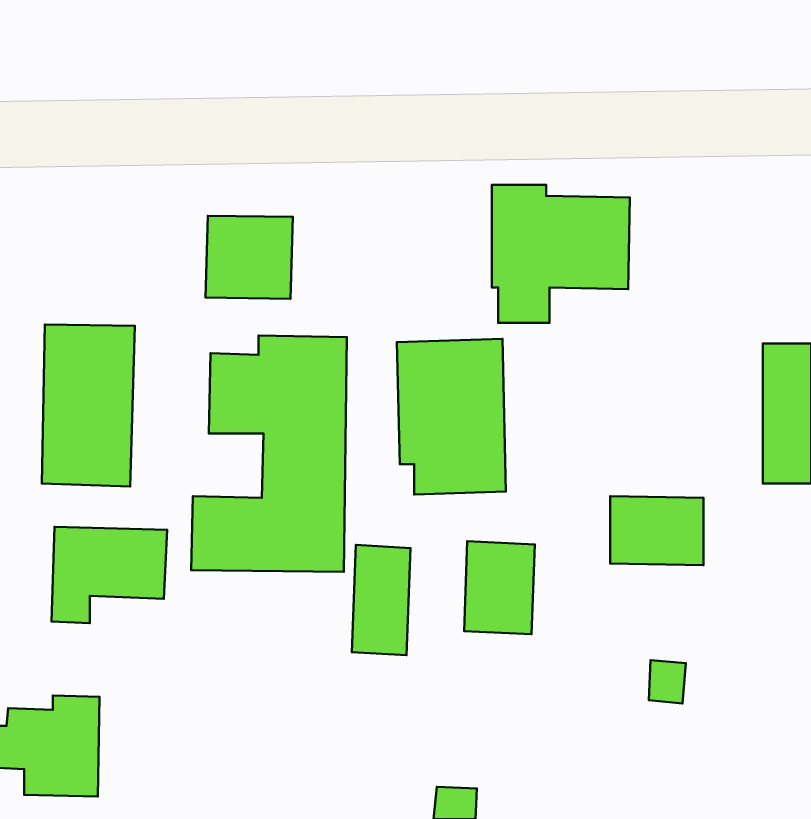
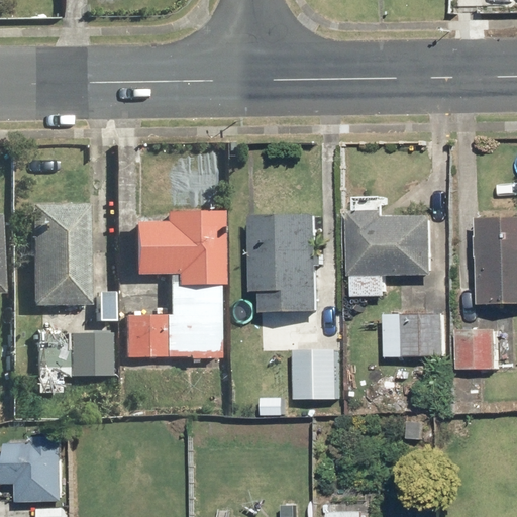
building: [492,185,630,323] -> [347,210,434,297]
building: [206,216,293,299] -> none
building: none -> [456,329,495,370]
building: [352,545,410,655] -> none

